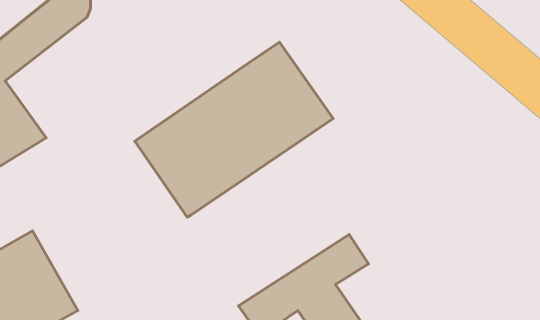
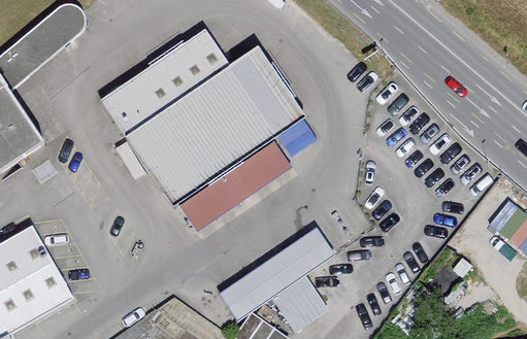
building: none -> [97,35,228,142]
building: none -> [175,144,289,236]

